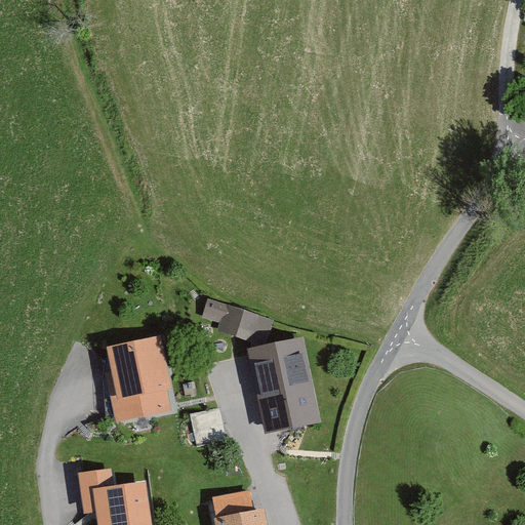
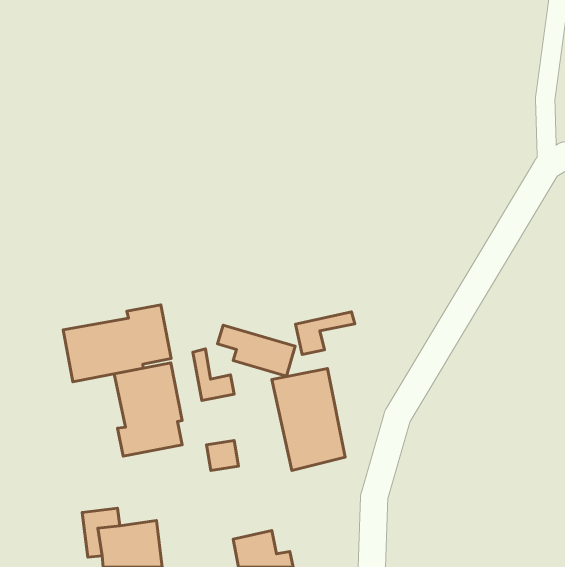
building: none -> [63,305,171,382]
building: none -> [296,312,355,355]
building: none -> [193,349,234,400]

